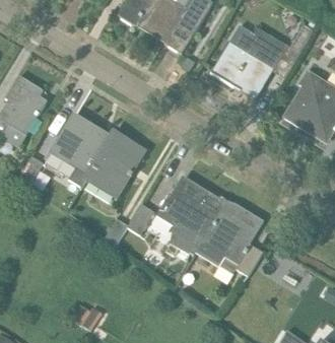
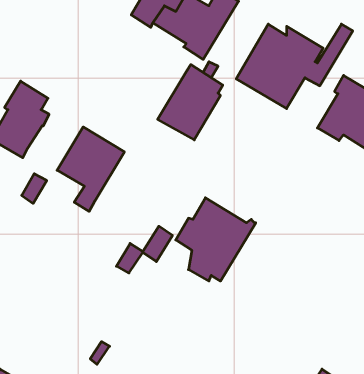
building: [85,132,143,199] -> [158,65,223,140]
building: [197,200,263,276] -> none

